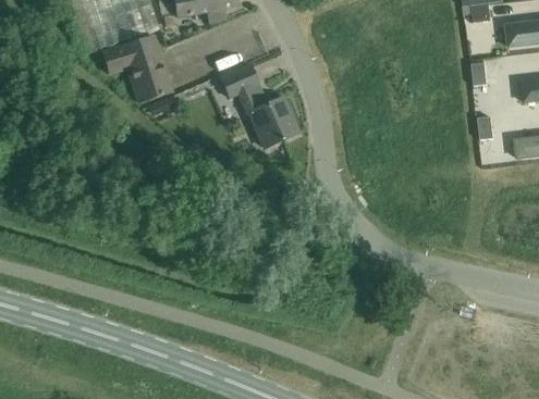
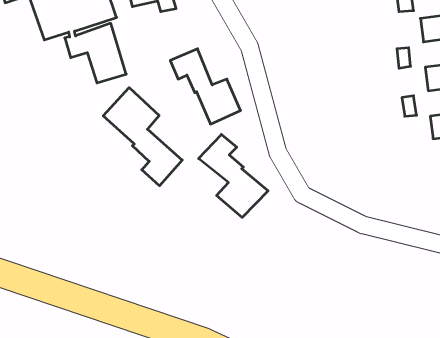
building: none -> [103,88,182,186]
building: none -> [199,134,268,217]

